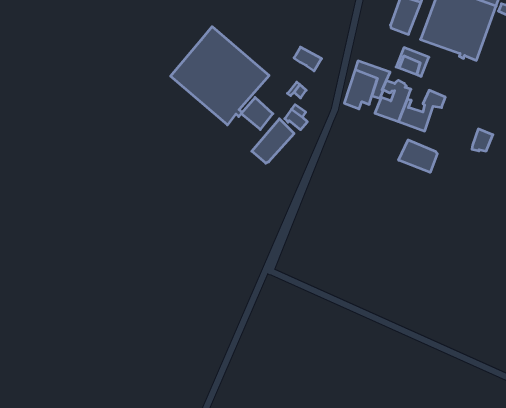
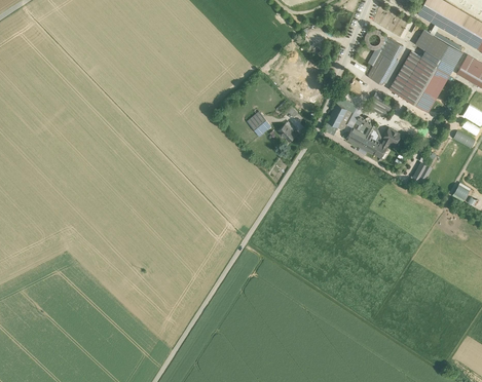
building: [171,27,269,125] -> none
building: [252,119,294,163] -> none
building: [399,140,437,172] -> none

